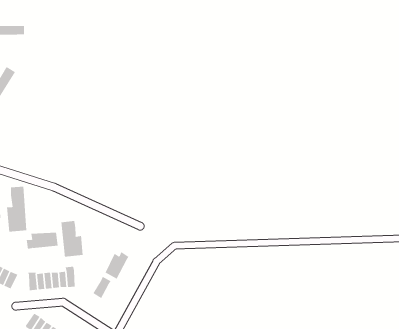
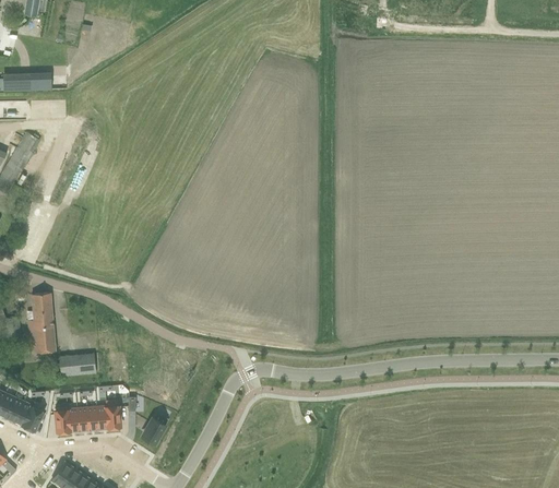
building: [61,220,83,257] -> none
building: [105,251,129,279] -> none

